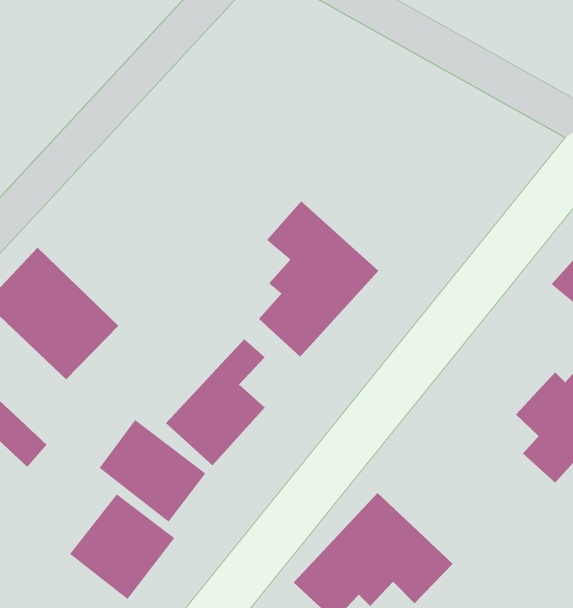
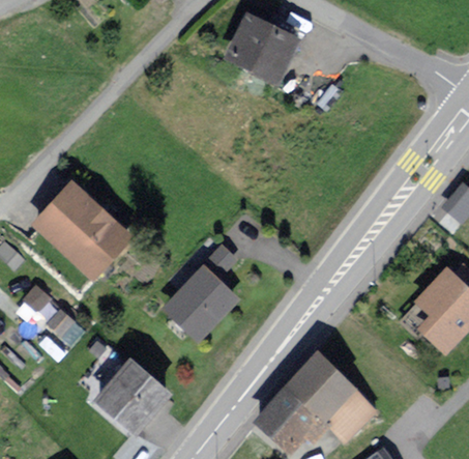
building: none -> [228,16,295,78]
building: [258,200,379,357] -> none
building: [99,419,206,522] -> none

